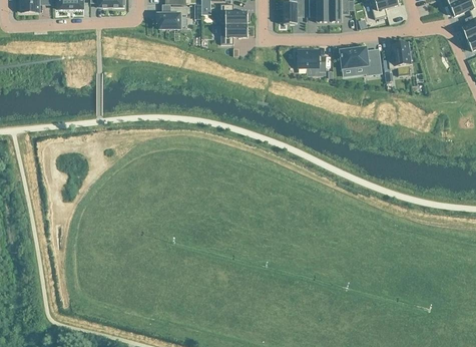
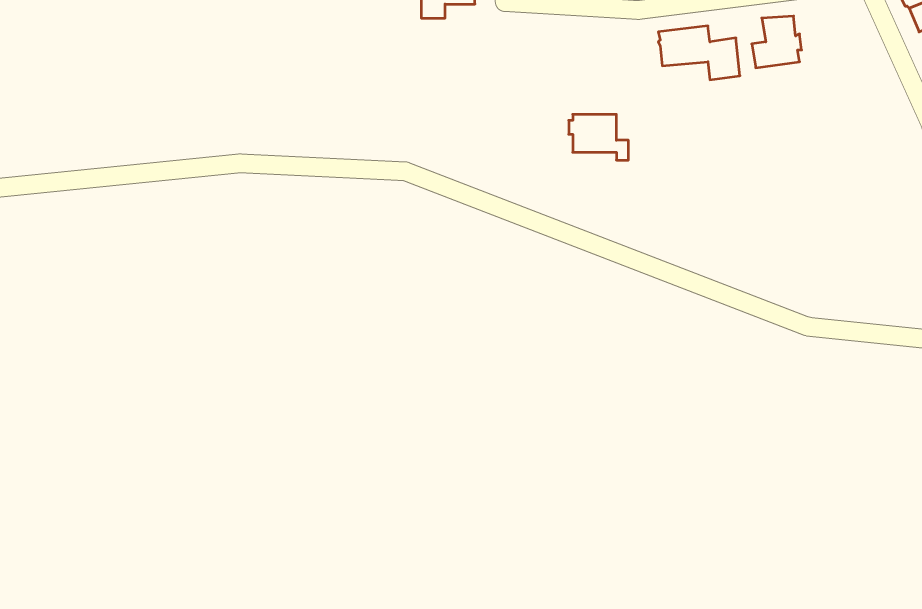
building: [295,48,325,71] -> [569,114,628,160]

